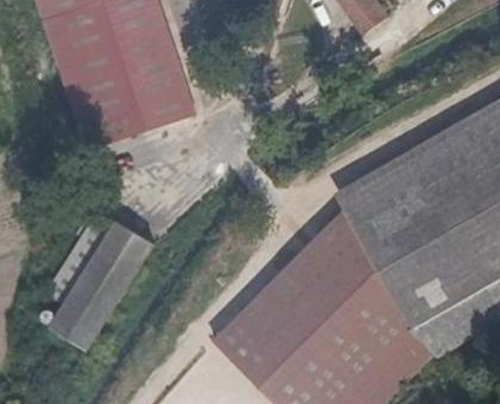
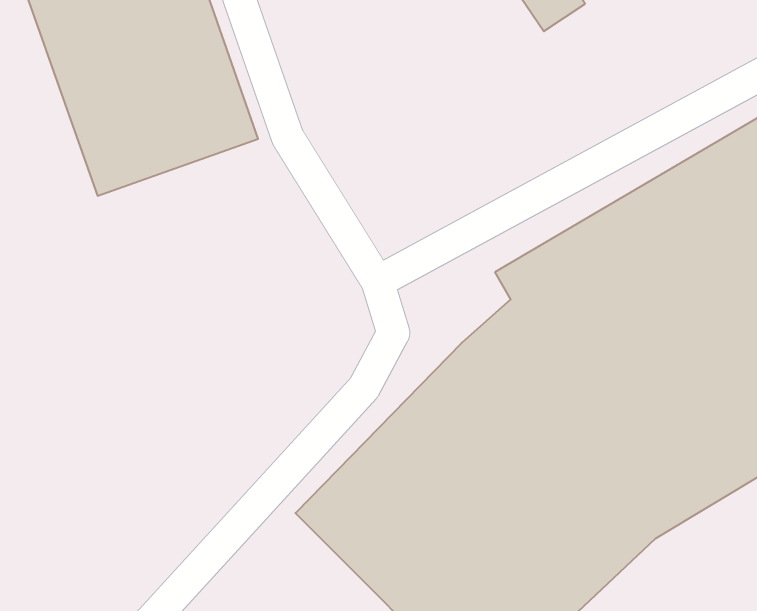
building: [49,218,155,349] -> none

